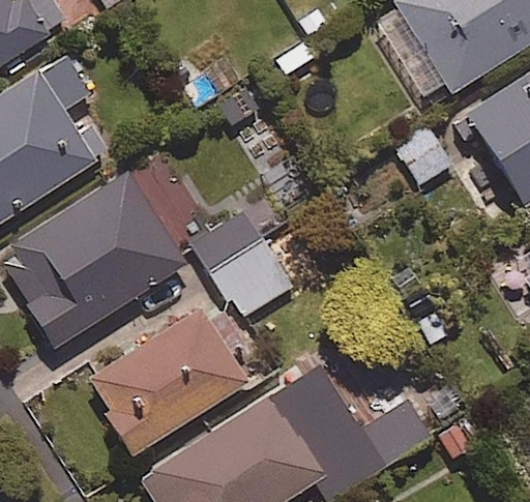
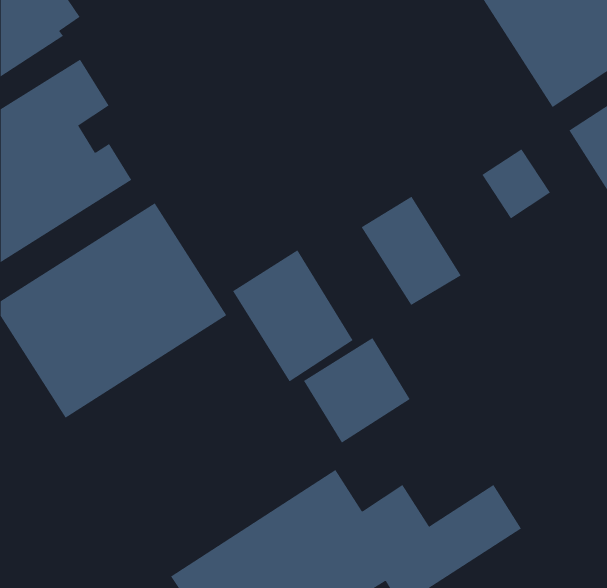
building: none -> [361,196,461,306]
building: none -> [303,337,411,444]
building: [85,307,248,454] -> none

